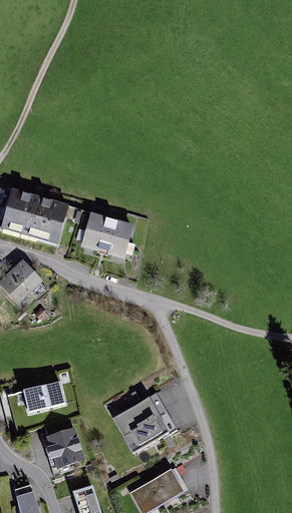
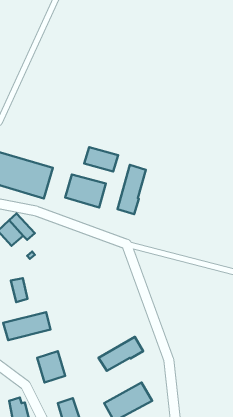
building: none -> [84,147,118,171]
building: none -> [117,165,146,214]
building: none -> [11,278,27,302]
building: [112,391,167,436] -> none

